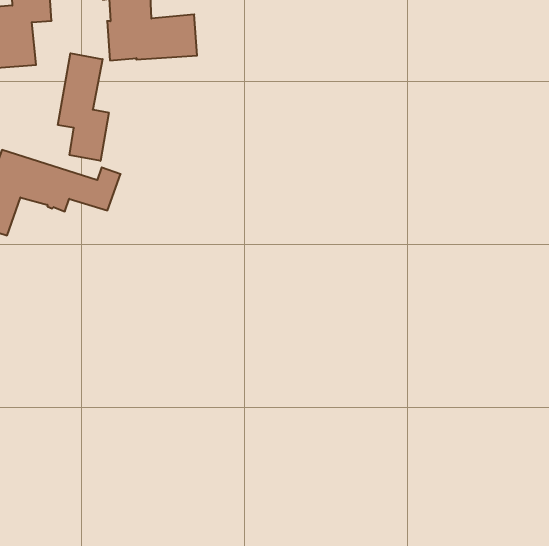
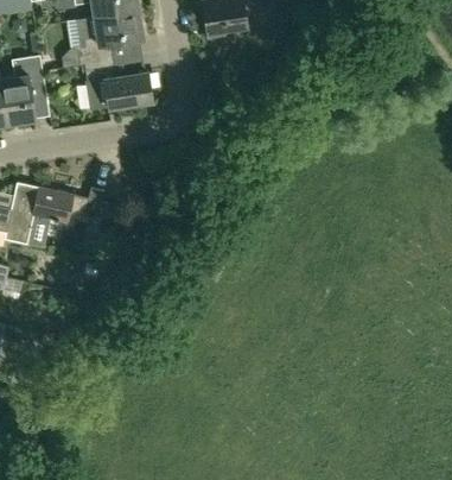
building: [58,53,109,161] -> none

